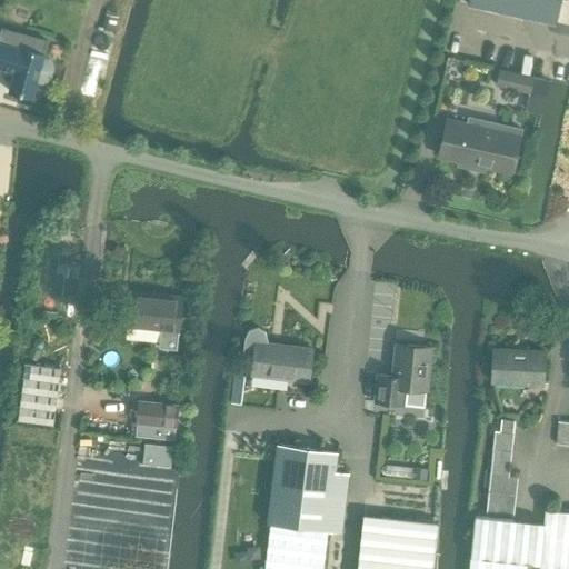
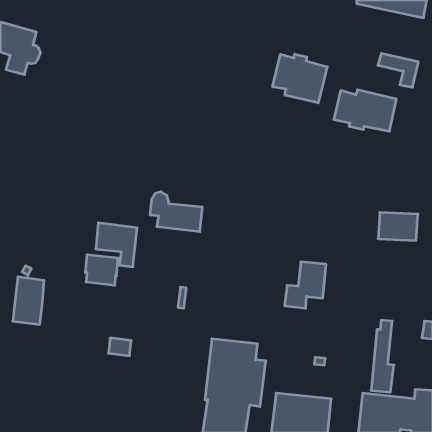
building: none -> [273,54,327,103]
building: [242,330,311,382] -> [150,192,202,232]
building: [491,350,543,387] -> [378,212,418,240]
building: [137,401,180,441] -> [85,255,118,285]

